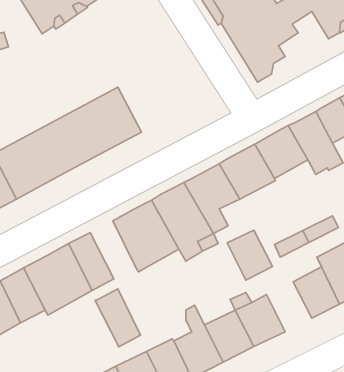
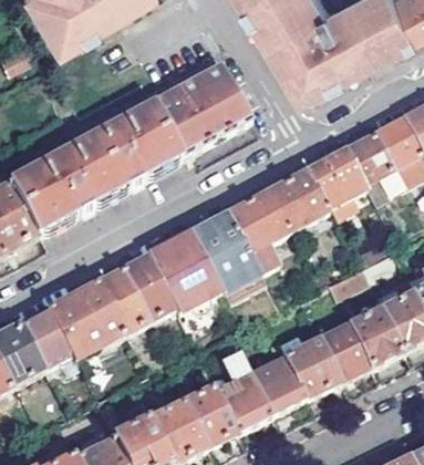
building: none -> [320,22,384,95]
building: none -> [145,66,246,158]
building: [227,230,273,280] -> [314,327,365,383]
building: [95,289,141,347] -> [116,258,167,323]

